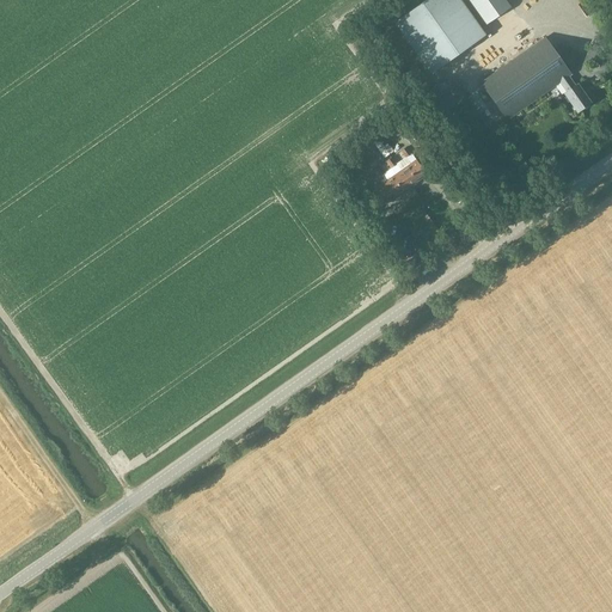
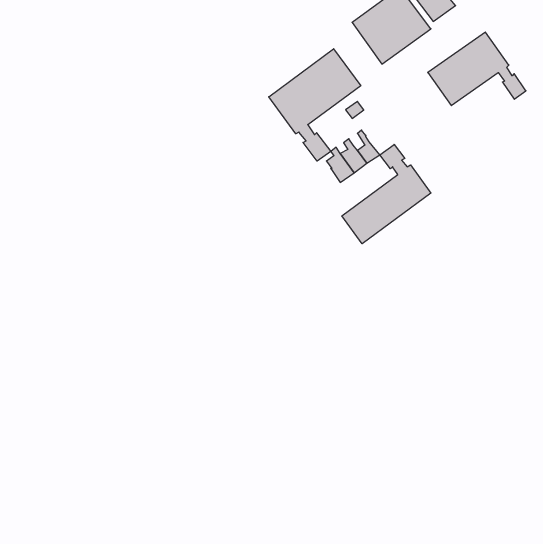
building: none -> [269,49,361,161]
building: none -> [342,144,431,244]

